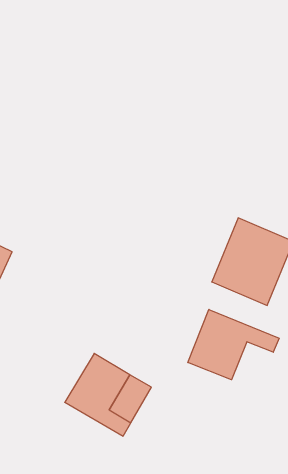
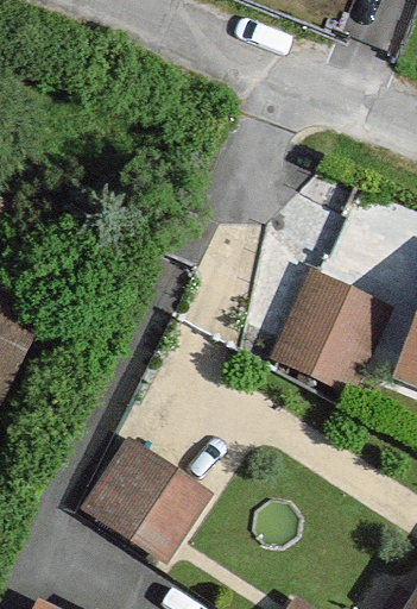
building: [188,309,279,380] -> none

